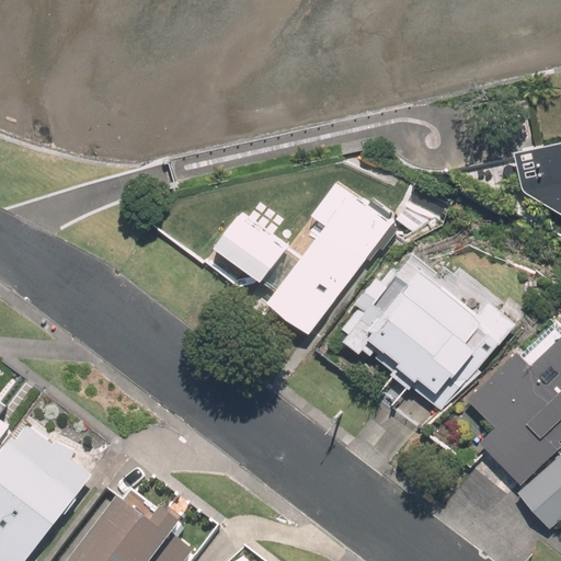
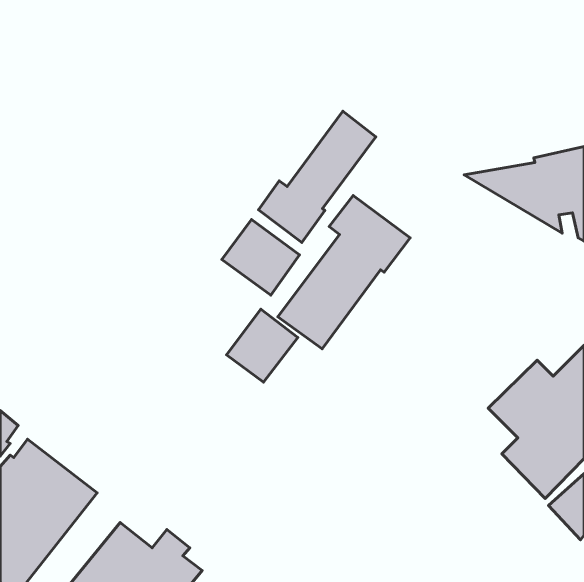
building: none -> [258,111,376,243]
building: [337,266,517,409] -> none
building: none -> [227,309,298,382]

